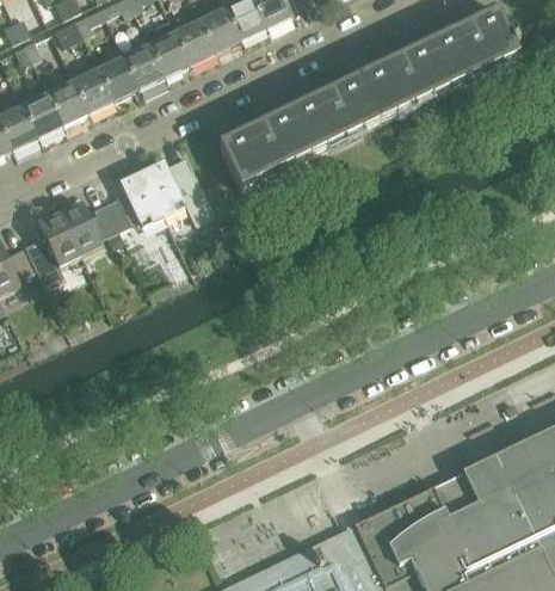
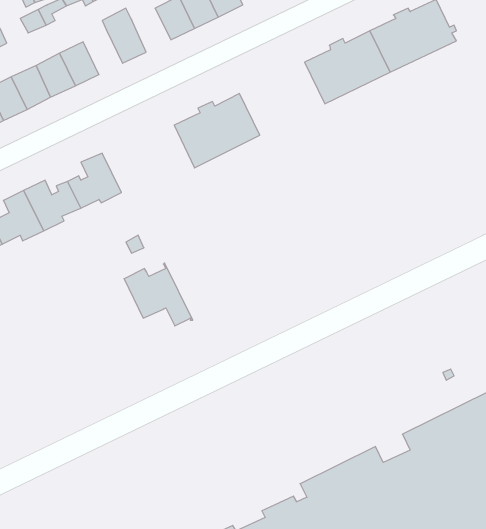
building: [173,19,215,66] -> none
building: [122,43,164,90] -> none
building: [288,76,378,154] -> none
building: [142,156,215,223] -> [124,263,193,326]

